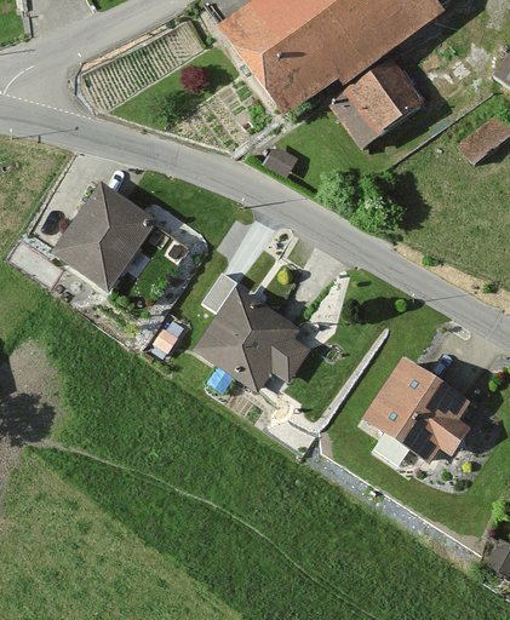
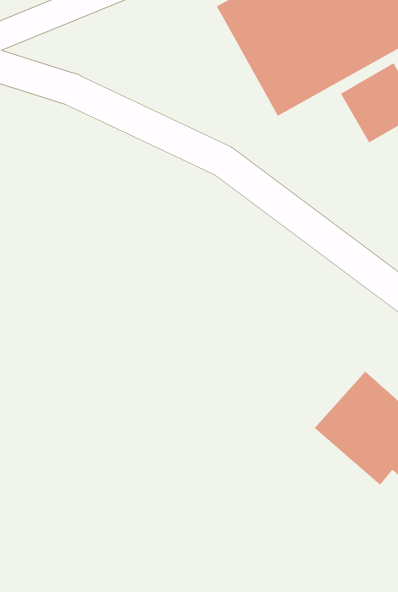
building: [52,182,159,293] -> none
building: [197,287,313,389] -> none

